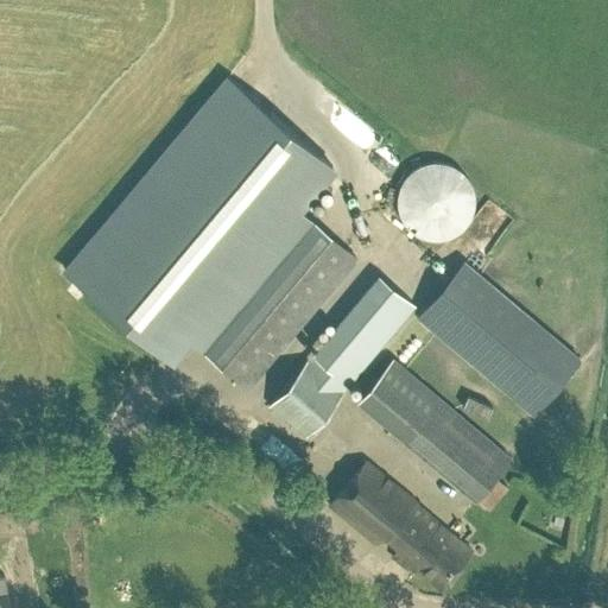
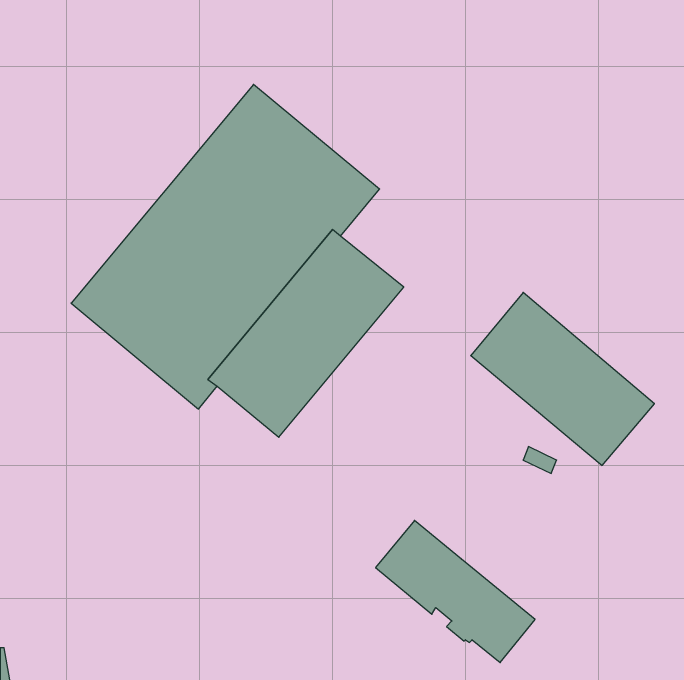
building: [398,164,475,240] -> none
building: [268,274,418,439] -> none
building: [356,363,511,504] -> none

